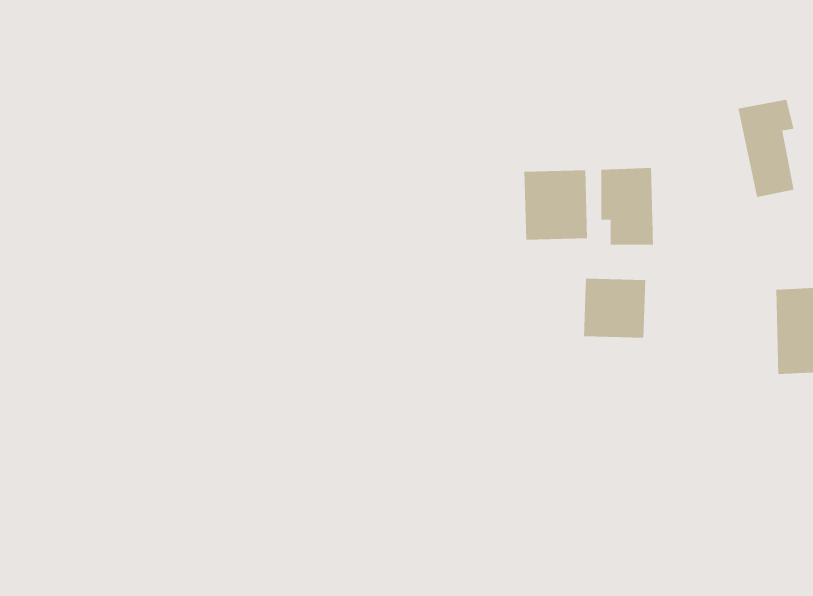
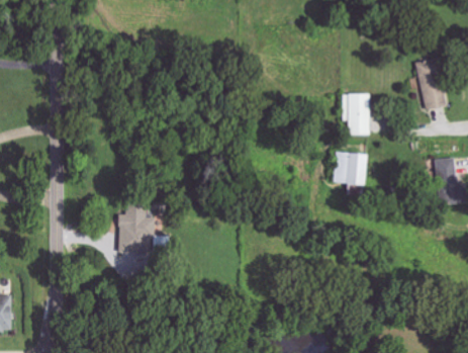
building: [524,170,588,240] -> none
building: none -> [118,195,155,270]

